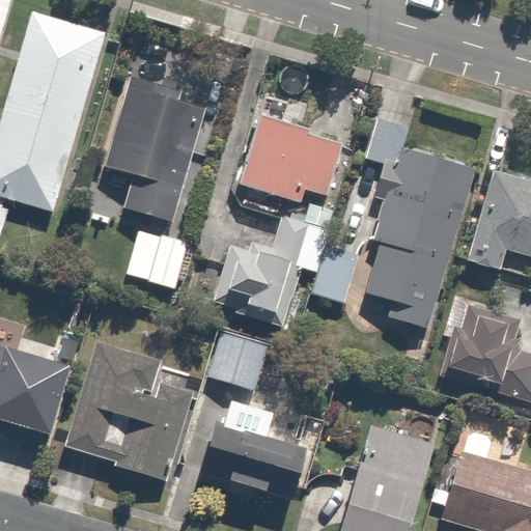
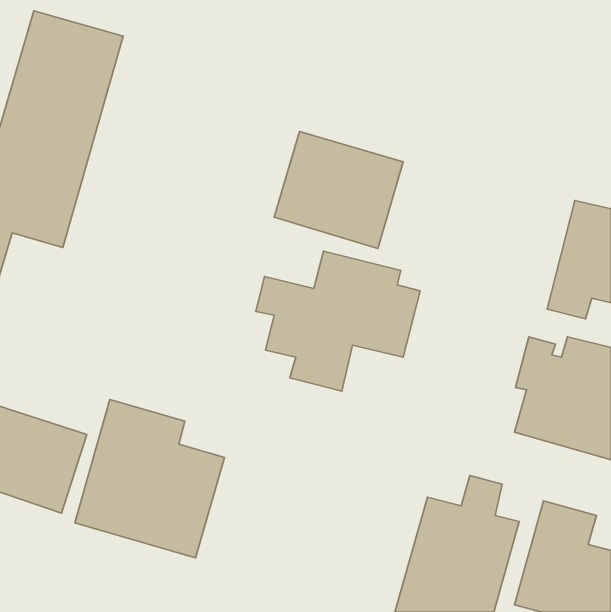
building: [100,78,205,226] -> none
building: [364,120,475,339] -> none
building: [121,227,188,288] -> none
building: [206,332,261,391] -> none
building: [201,406,318,509] -> none

